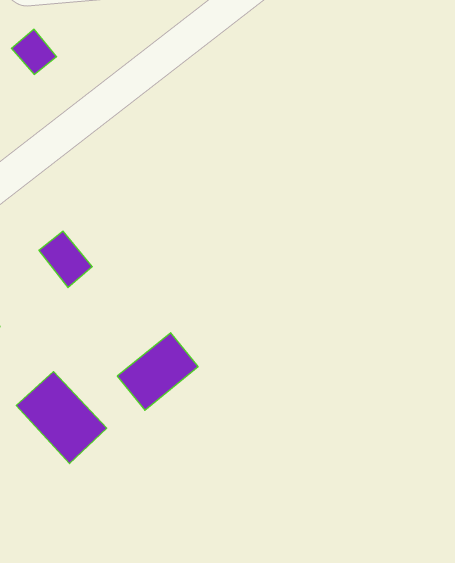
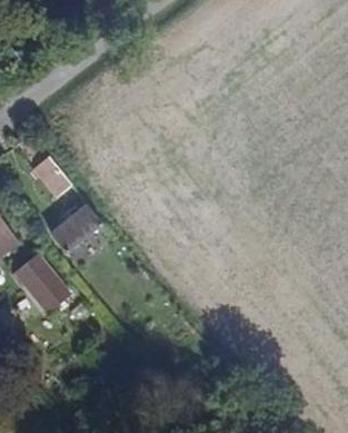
building: [117,333,198,410] -> [54,201,110,255]

